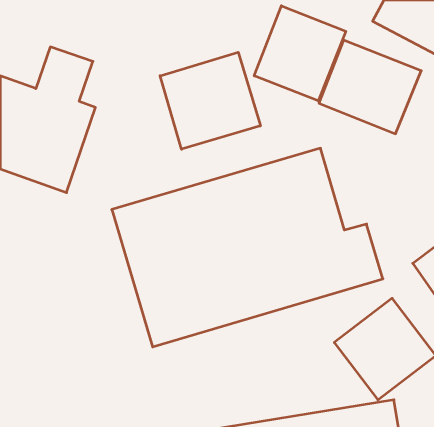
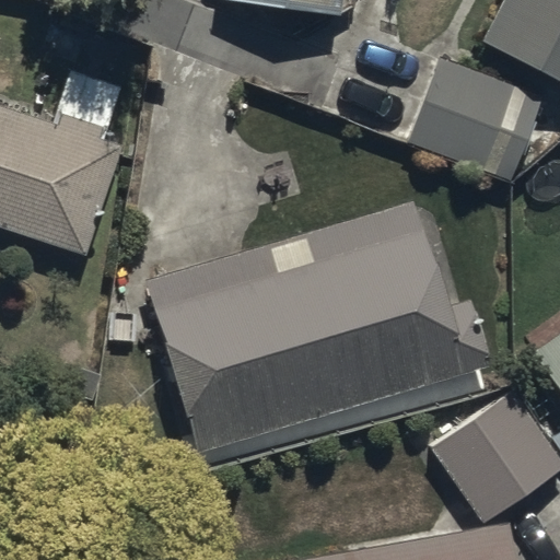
building: [254,6,346,101] -> none
building: [160,52,260,149] -> none

